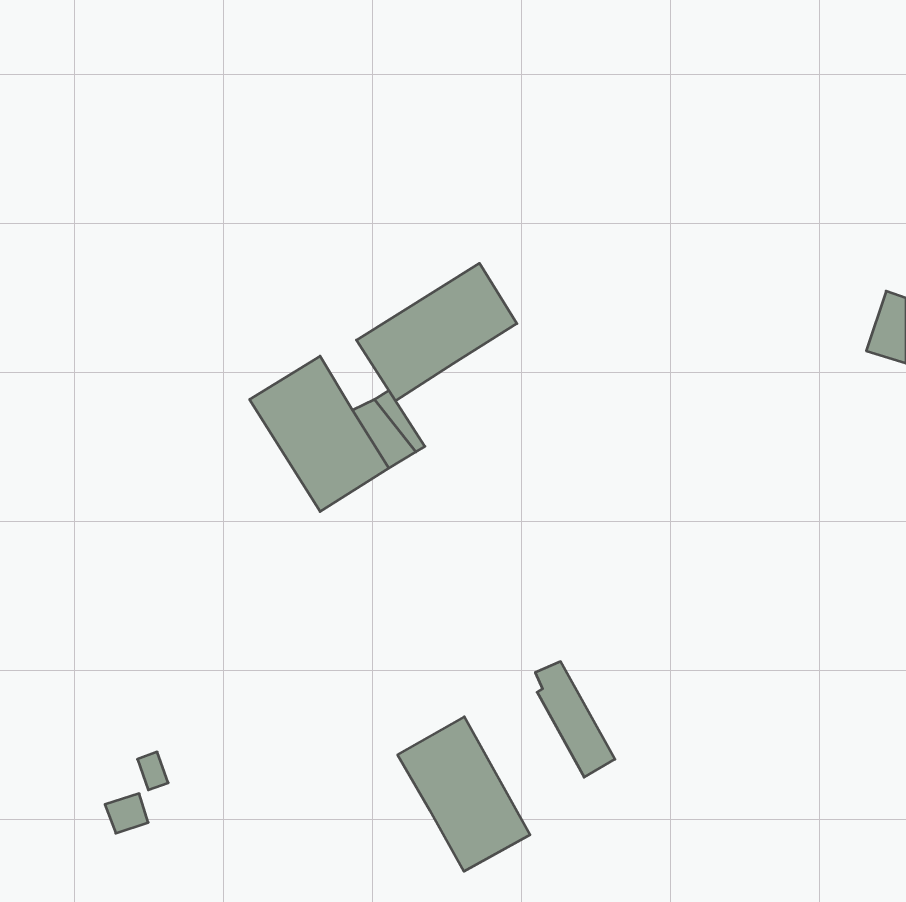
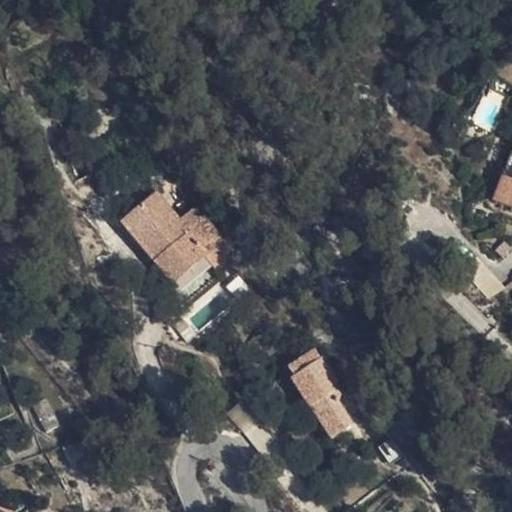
building: [356,263,517,401] -> none
building: [398,717,530,871] -> none

